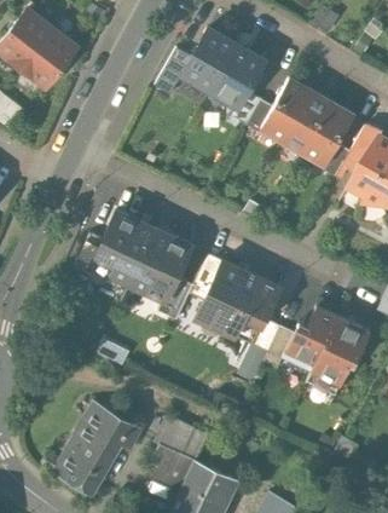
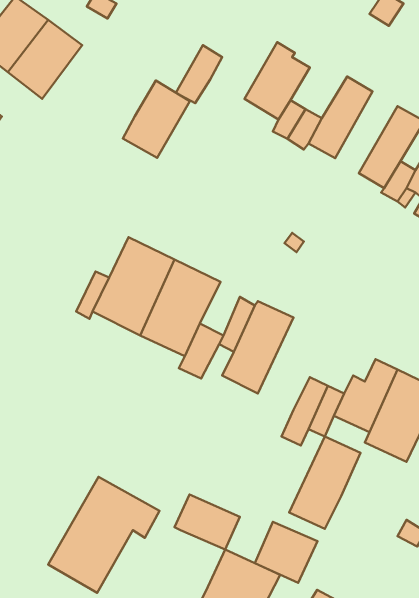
building: [184,31,238,94] -> [123,80,190,158]
building: [285,88,336,155] -> none
building: [222,272,280,347] -> [289,437,360,529]
building: [145,445,196,495] -> [255,522,317,583]

